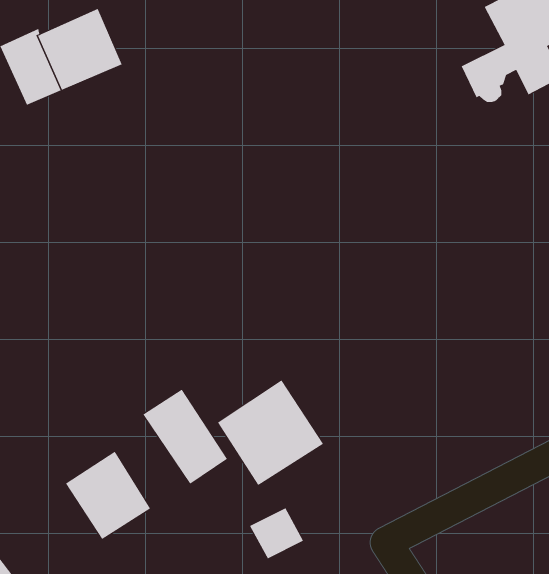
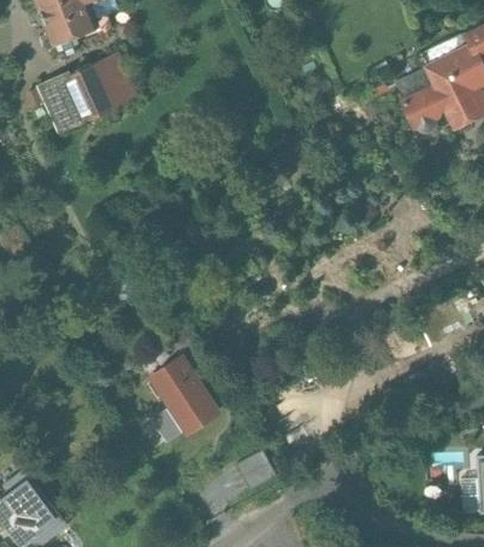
building: [217,380,324,486] -> none
building: [65,451,151,540] -> none

